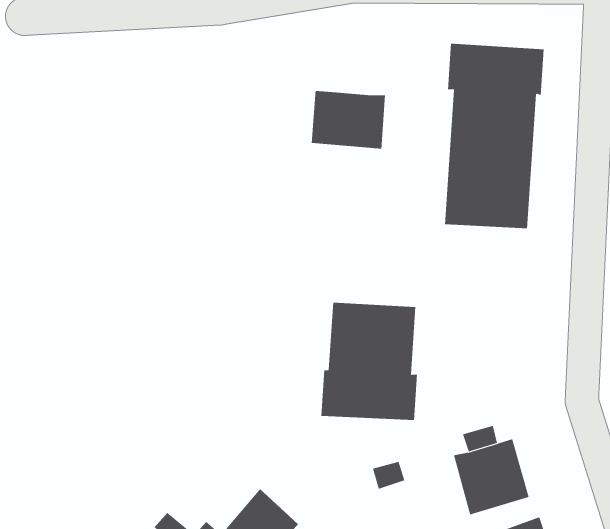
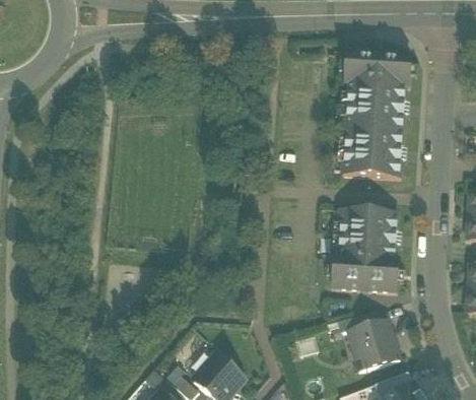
building: [311,90,385,149] -> none
building: [320,302,418,421] -> [333,210,399,290]

